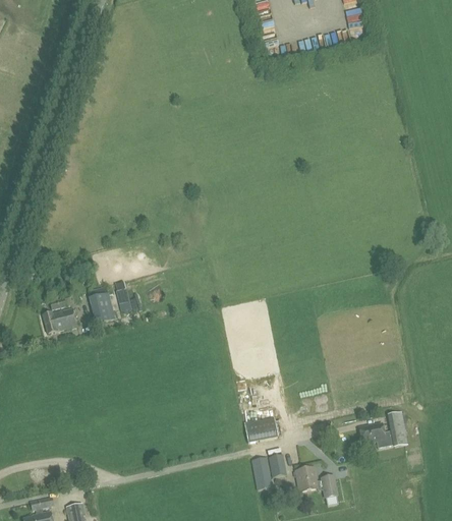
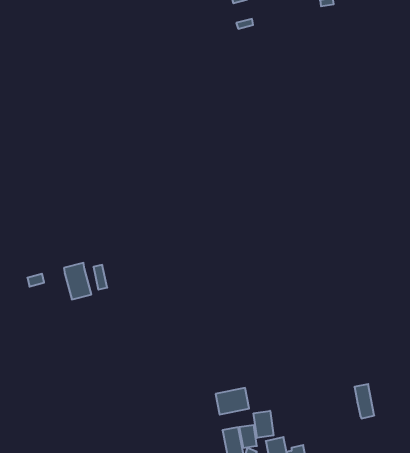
building: [43,307,77,334] -> none
building: [360,423,393,448] -> none
building: none -> [254,411,274,438]

